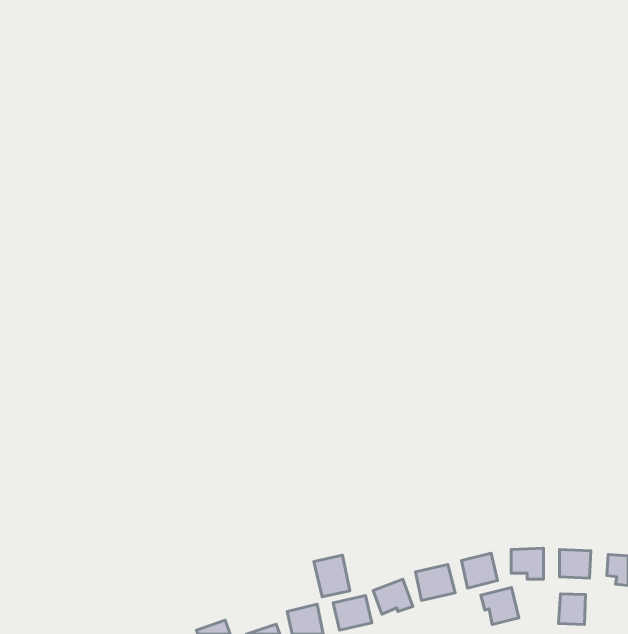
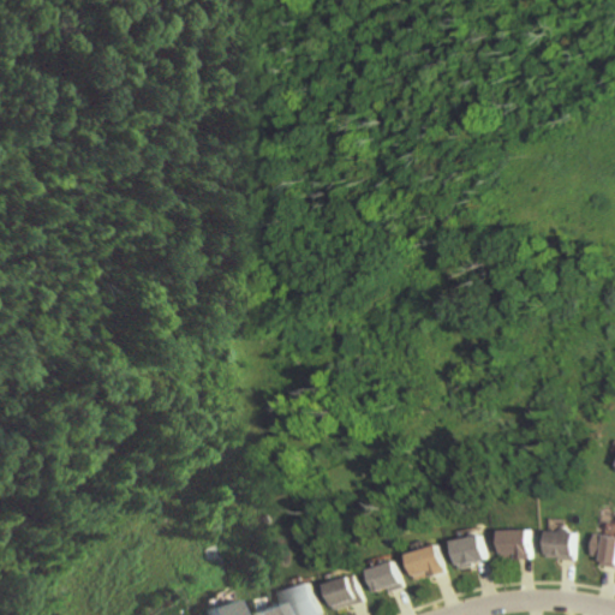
building: [314,555,350,597] -> none
building: [481,588,519,624] -> none
building: [558,594,586,624] -> none

